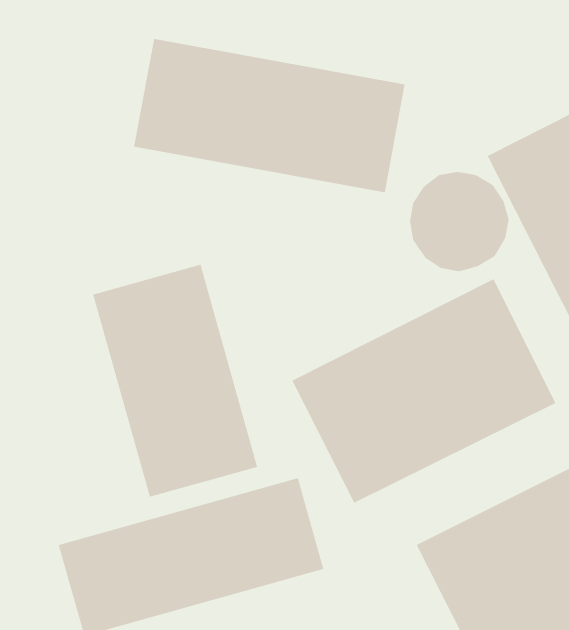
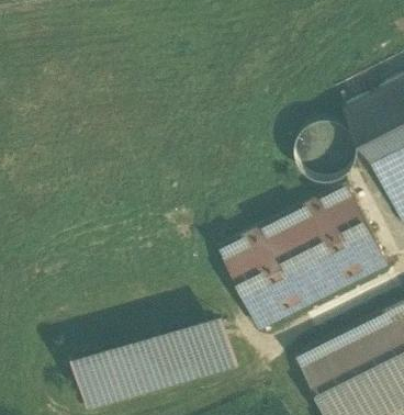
building: [134,38,405,193] -> none
building: [92,264,258,498] -> none

